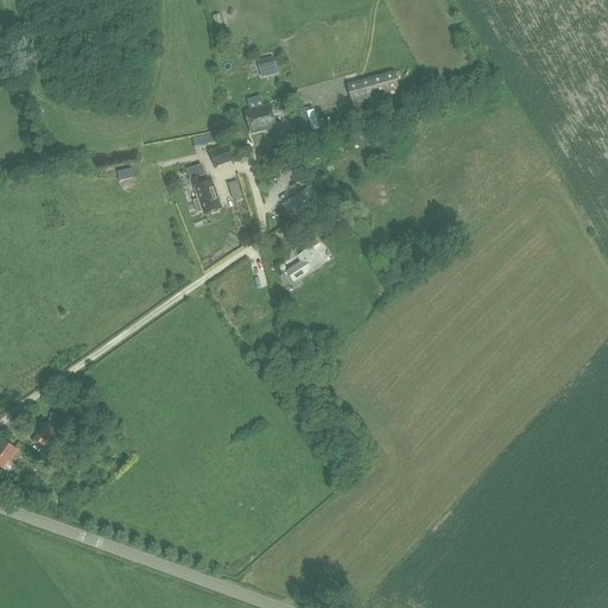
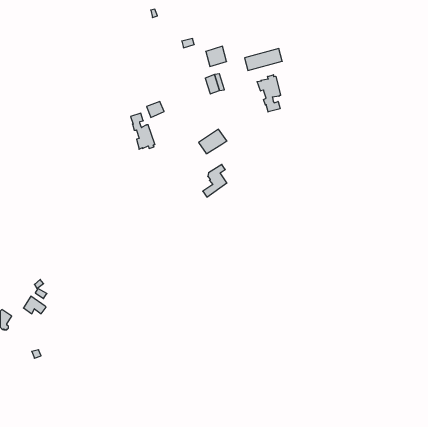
building: [246,103,276,132] -> [206,46,227,66]
building: none -> [257,75,281,112]

